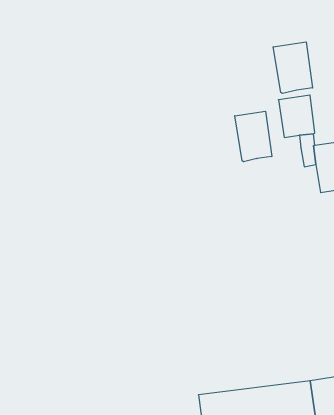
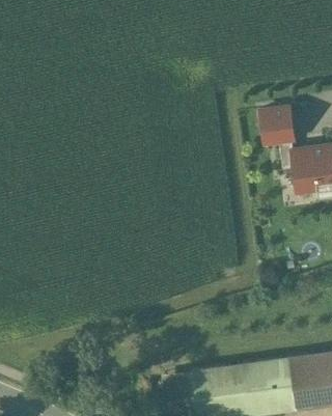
building: [273,42,313,93] -> none
building: [235,111,272,162] -> none

